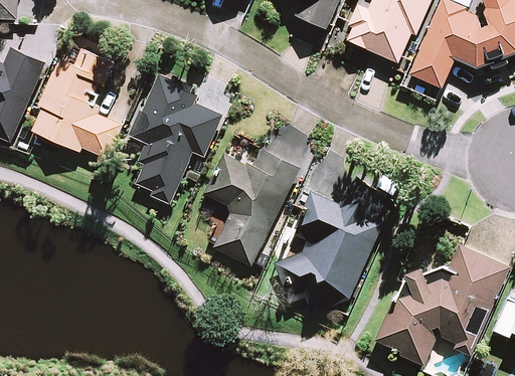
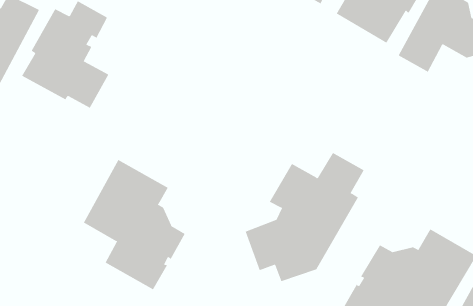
building: [132,73,222,203] -> none
building: [202,124,313,264] -> none
building: none -> [83,159,186,290]

